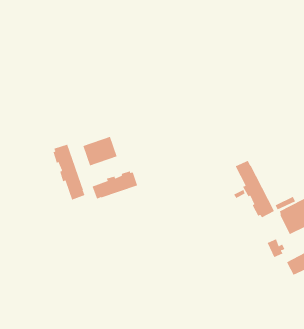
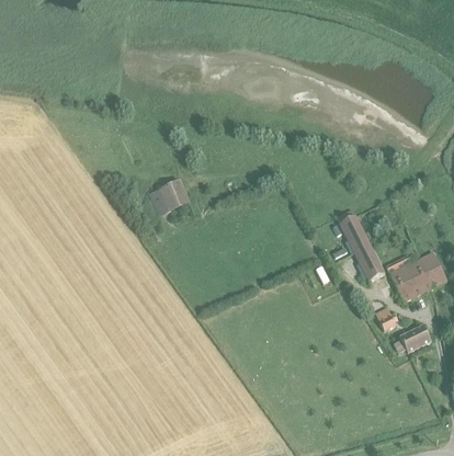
building: [53,144,85,200] -> none
building: [92,170,138,199] -> none

